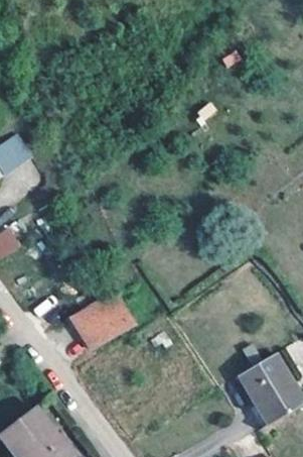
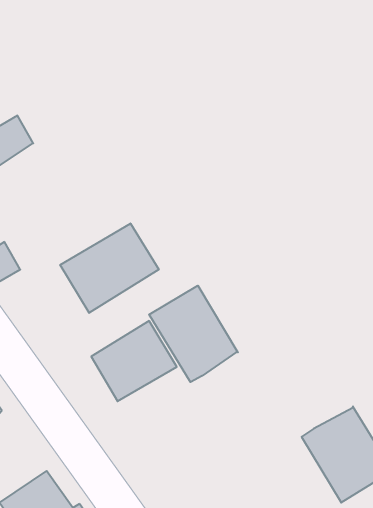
building: none -> [60,223,159,313]
building: none -> [149,286,238,382]

